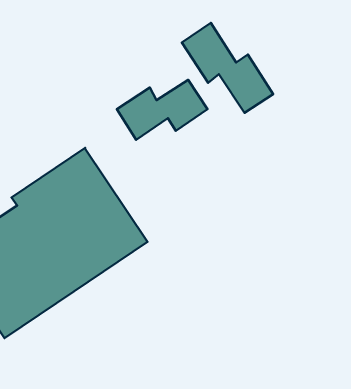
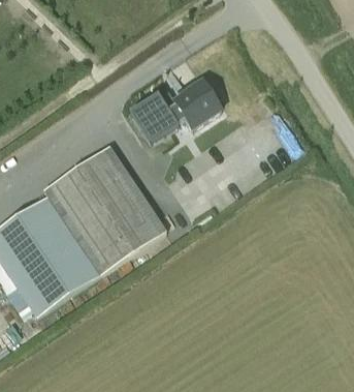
building: [182,23,273,113] -> none

